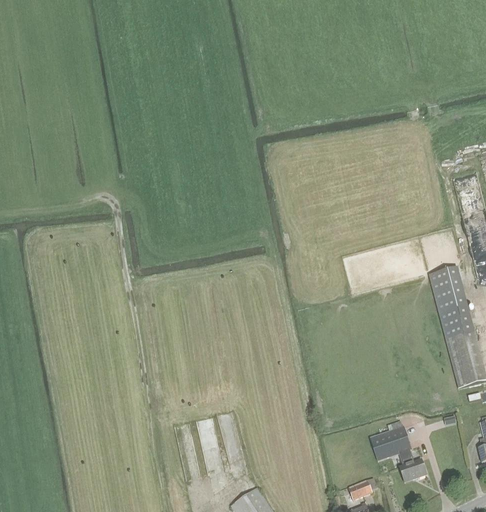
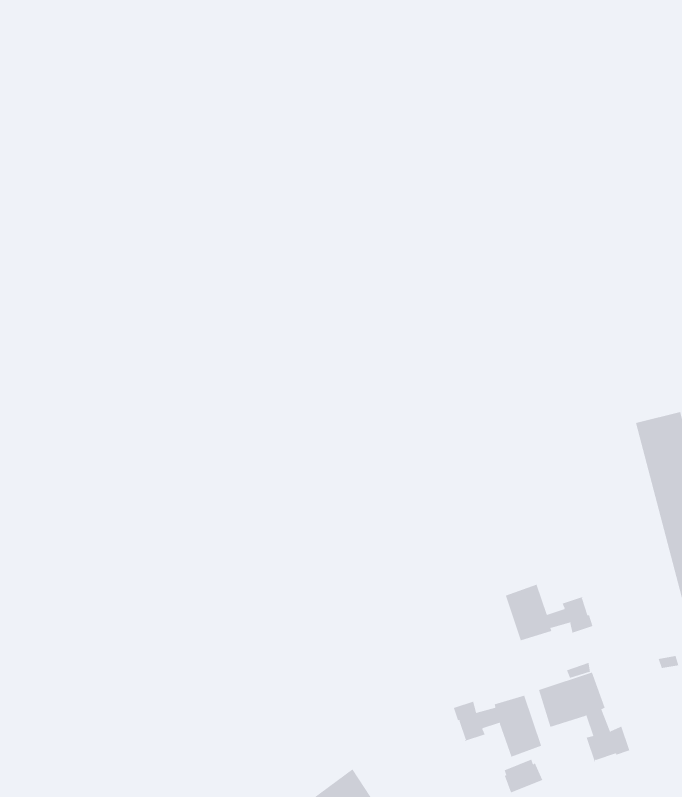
building: none -> [505,584,593,641]
building: none -> [453,695,542,758]

